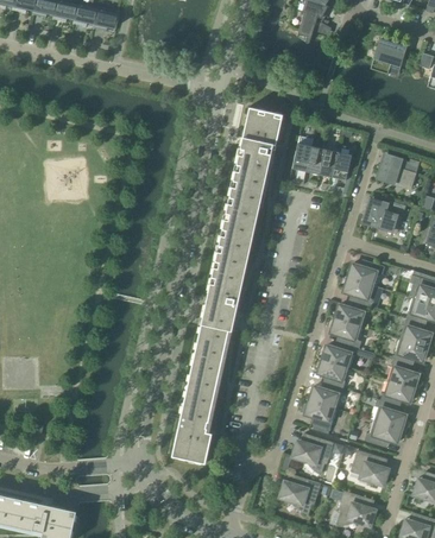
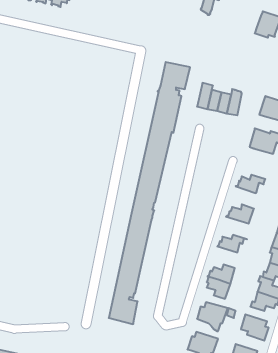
building: [345,277,376,309] -> none
building: [332,318,362,349] -> none
building: [319,359,347,388] -> none

